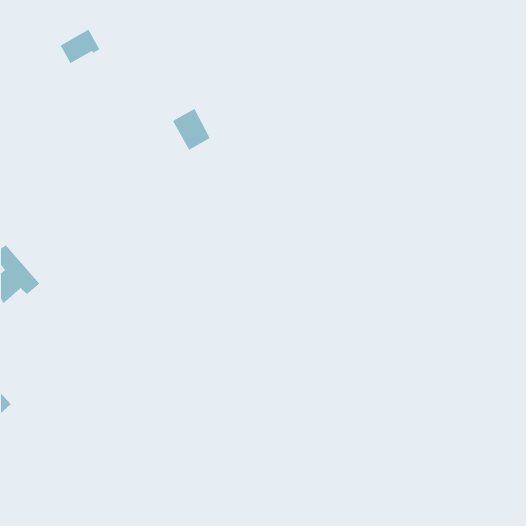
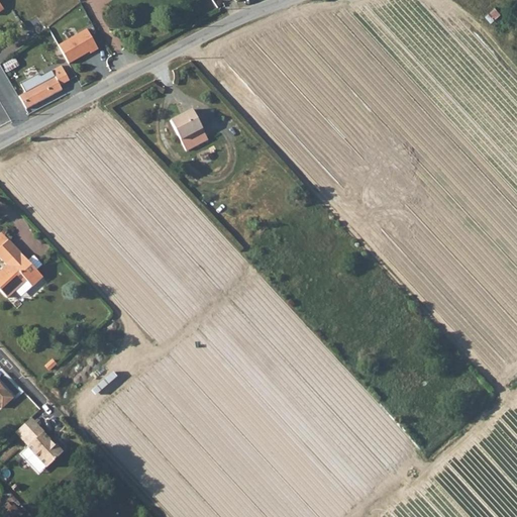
building: none -> [22,64,70,105]
building: none -> [23,425,61,467]

